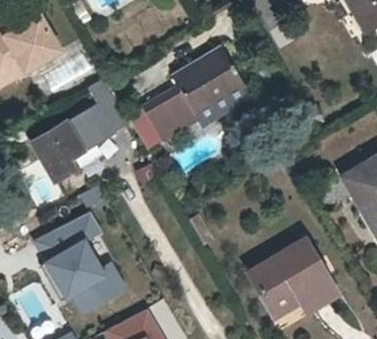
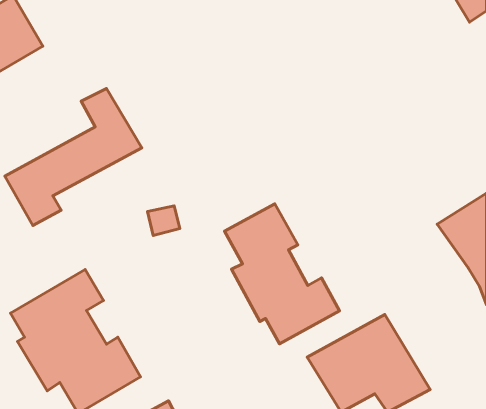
building: [140,51,240,143] -> none
building: none -> [224,204,340,344]

